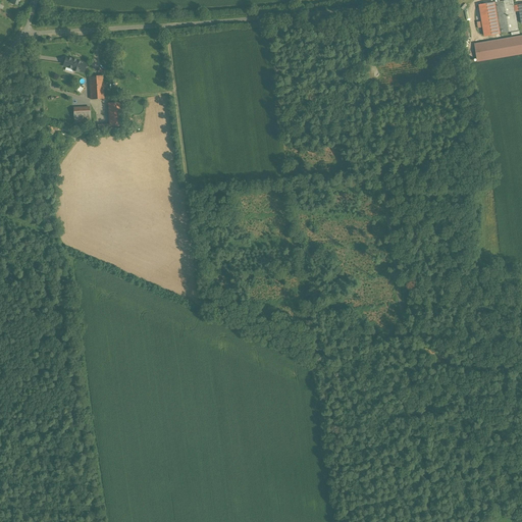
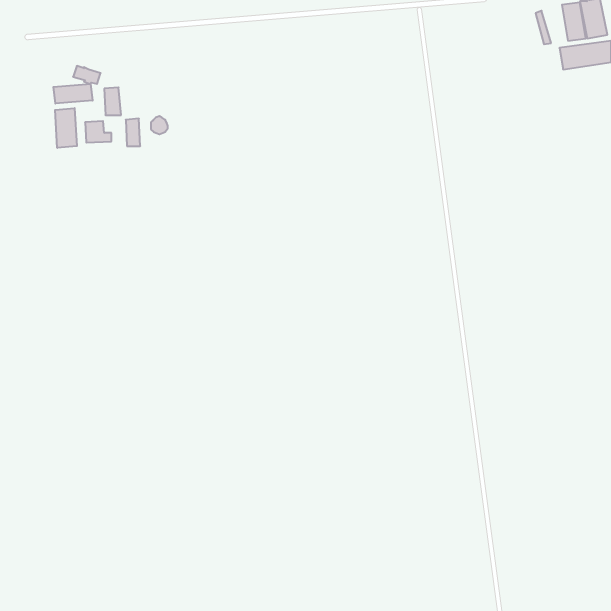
building: none -> [53,84,93,104]
building: none -> [55,108,77,148]

